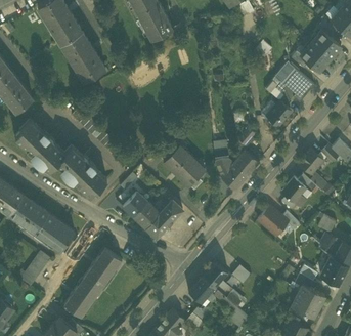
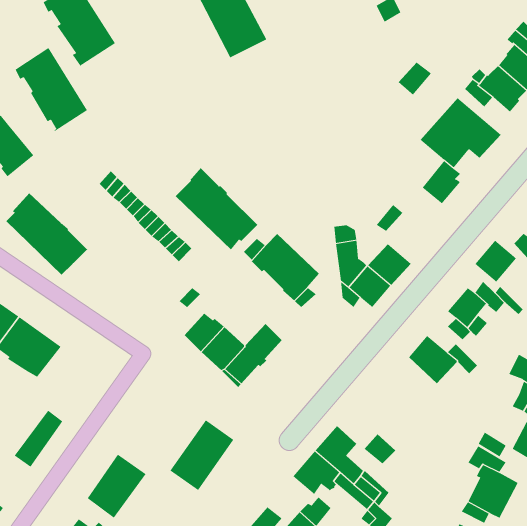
building: [61,30,105,81] -> [15,47,88,132]
building: [56,145,106,196] -> [175,167,258,250]
building: [34,213,75,251] -> none
building: [83,247,122,290] -> [170,419,234,491]

